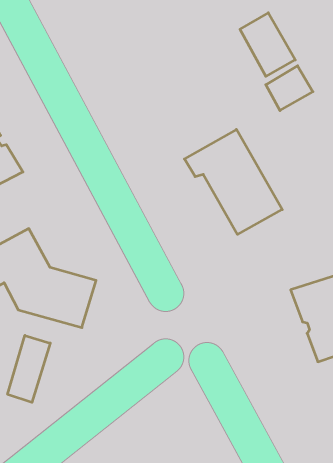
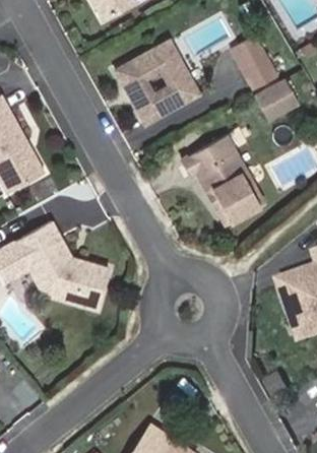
building: none -> [118,45,201,128]
building: [8,335,50,402] -> none

